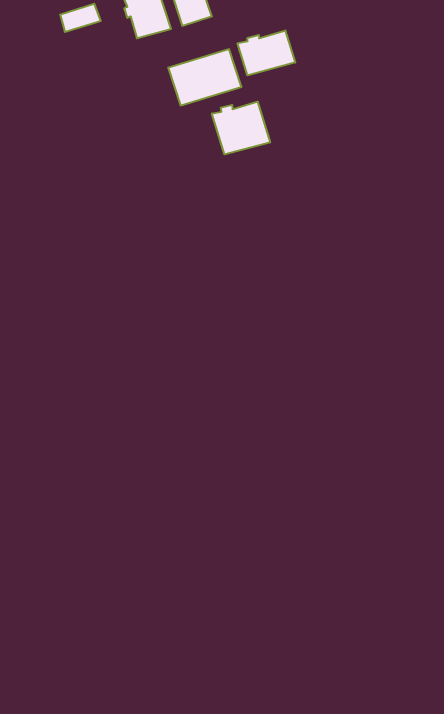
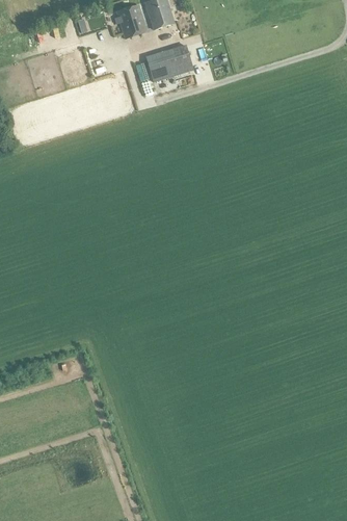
building: [238,30,295,75] -> none
building: [212,102,270,154] -> none

